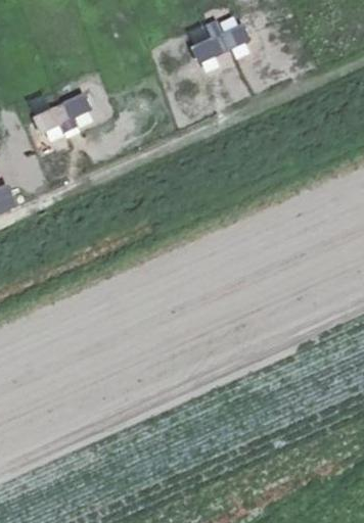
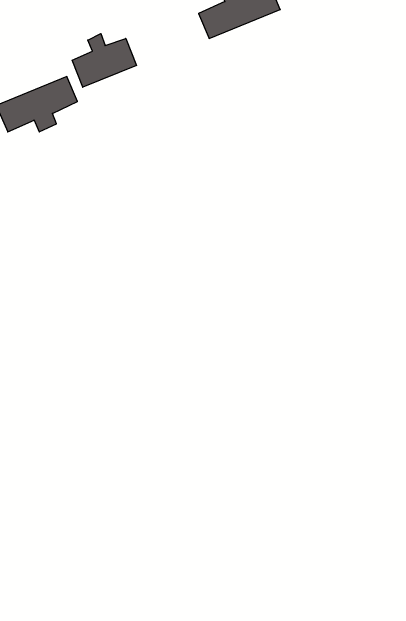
building: none -> [72,34,136,87]

